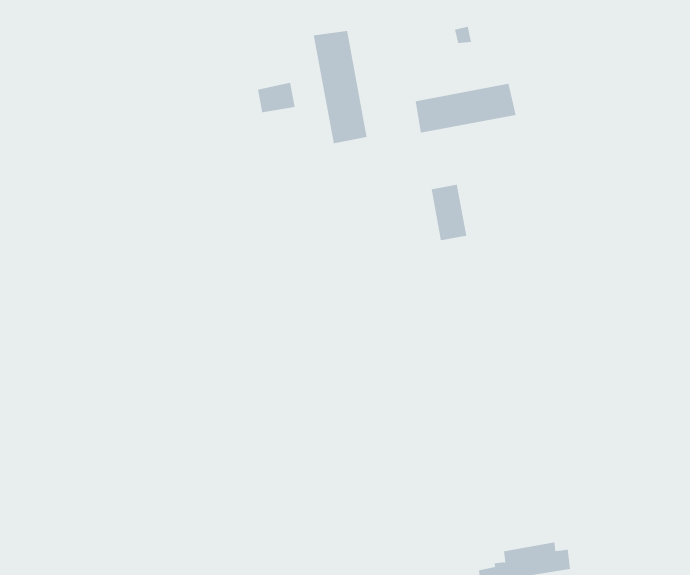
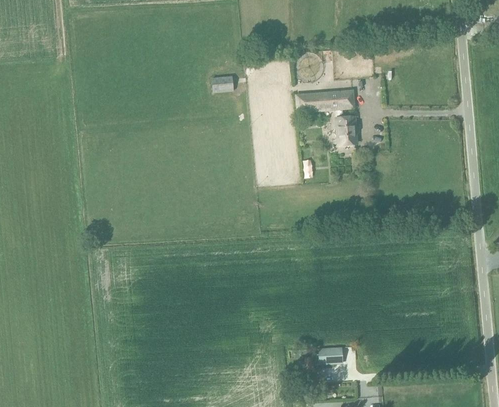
building: [313,30,367,144] -> none
building: [431,184,467,241] -> [336,112,353,142]

